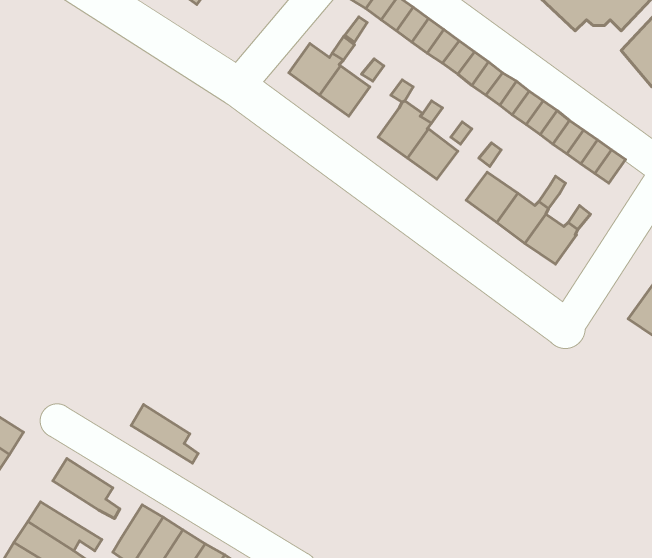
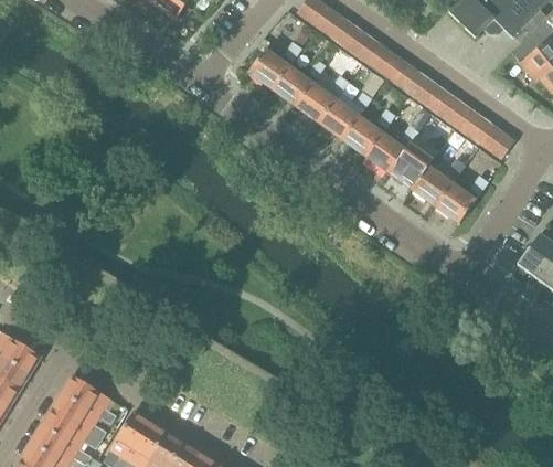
building: none -> [297,83,337,123]
building: none -> [366,134,406,172]
building: [131,404,198,463] -> [53,394,106,441]

